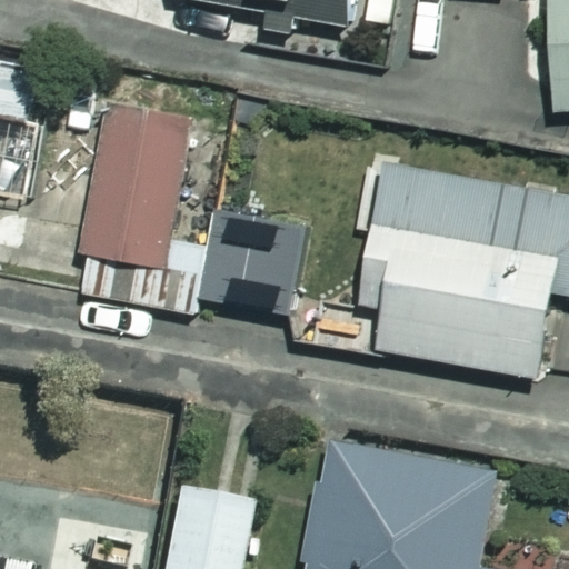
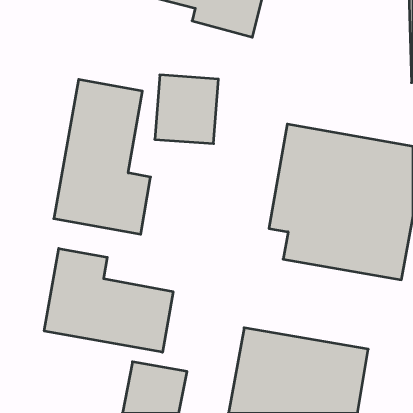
building: [207,214,292,307] -> [155,75,218,144]
building: none -> [44,248,173,352]

